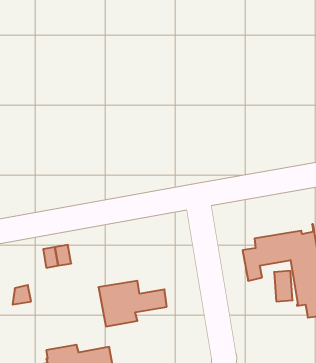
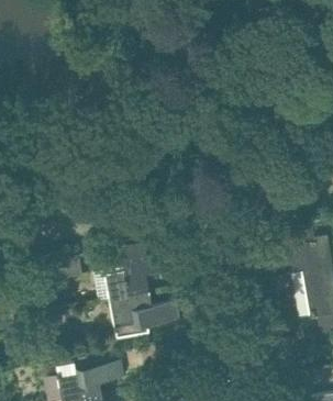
building: none -> [95,243,158,299]

